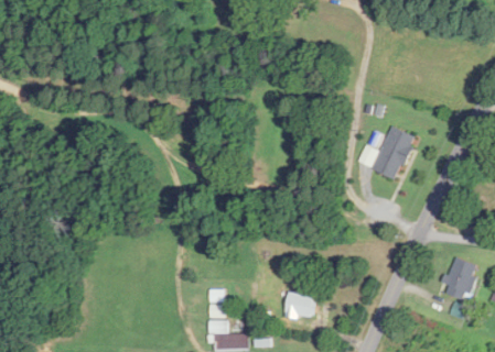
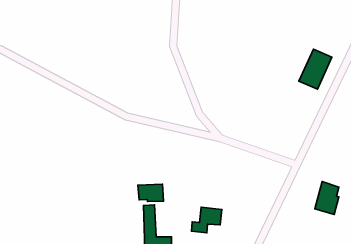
building: [372,124,417,179] -> [299,49,332,89]
building: none -> [138,184,163,202]

